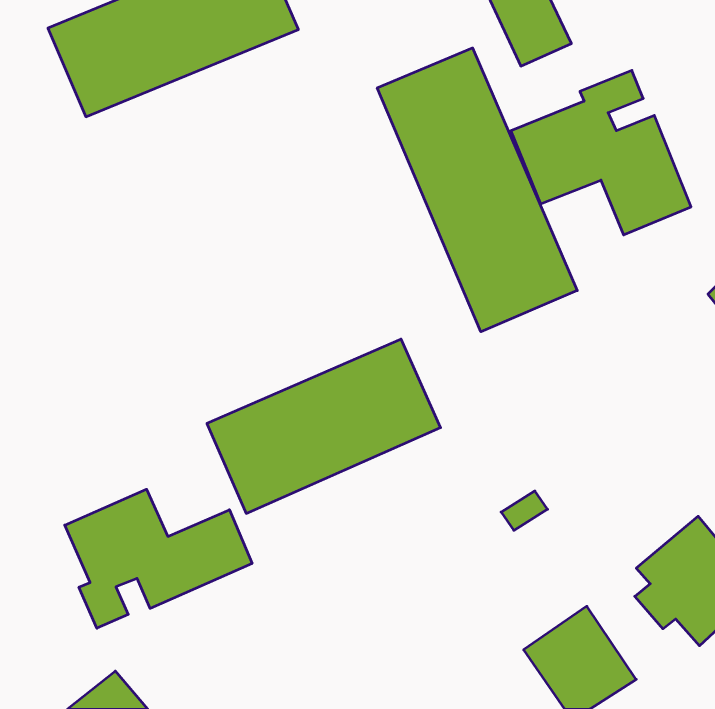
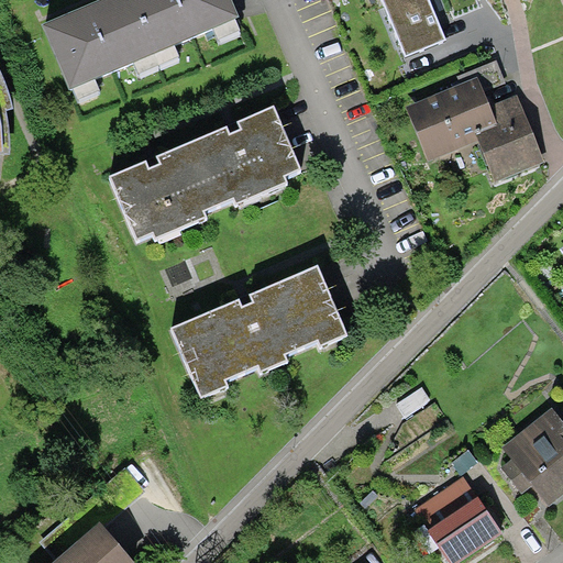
building: [377,48,577,332] -> none
building: none -> [114,104,303,236]
building: [65,489,252,628] -> none

